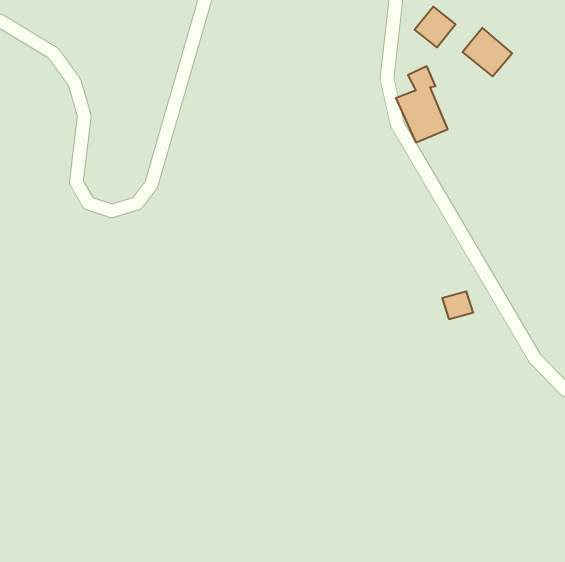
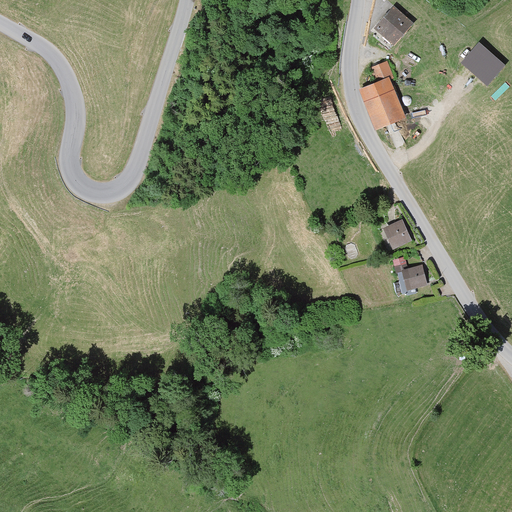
building: [463,28,512,76] -> [460,42,505,86]
building: none -> [382,219,411,249]

